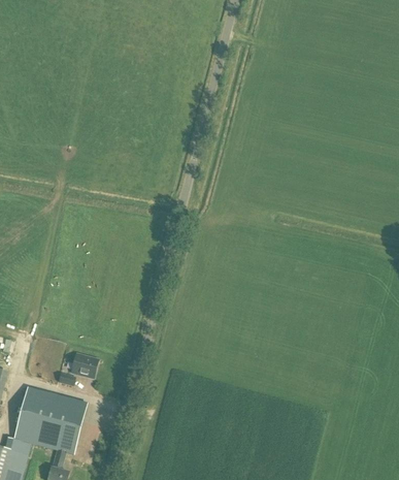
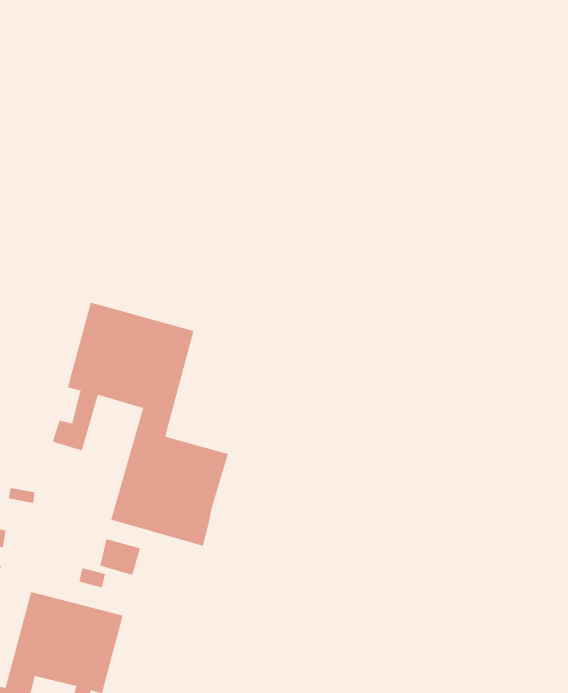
building: none -> [52,302,228,547]

